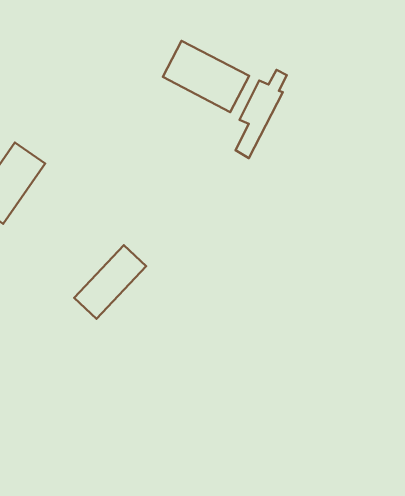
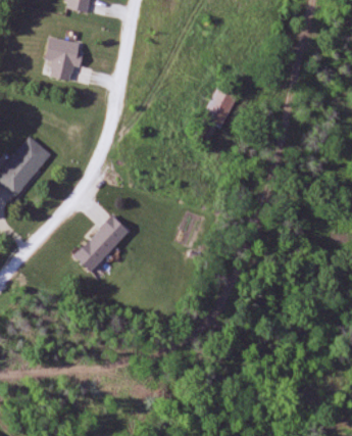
building: none -> [46,37,85,82]
building: [163,41,249,112] -> none

